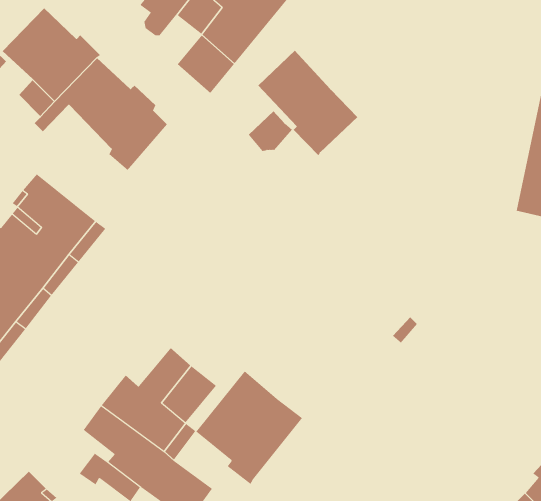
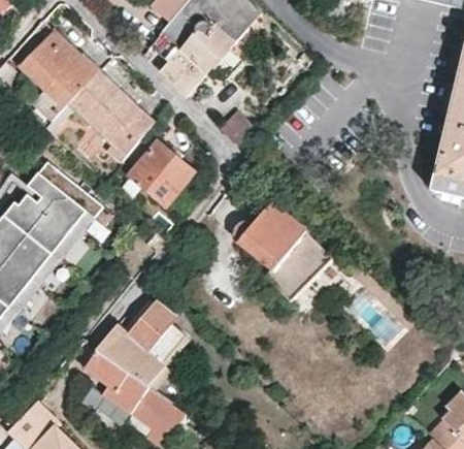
building: [257,50,358,156] -> none
building: none -> [126,139,193,207]
building: none -> [233,201,335,301]
building: [195,370,303,485] -> none

